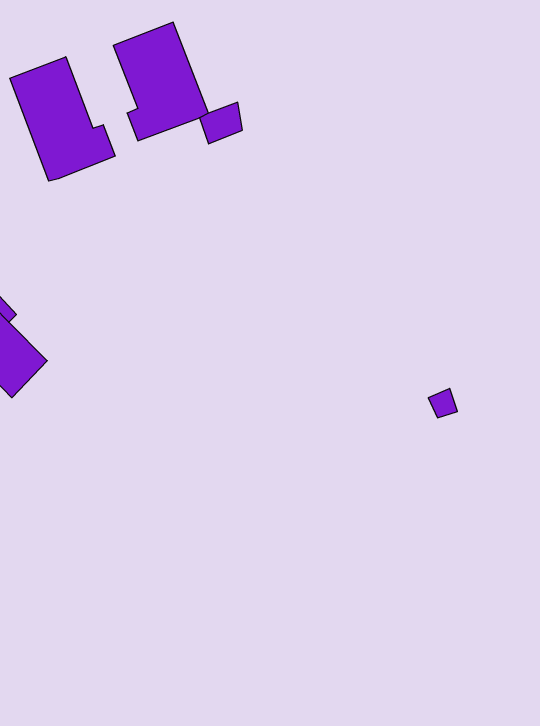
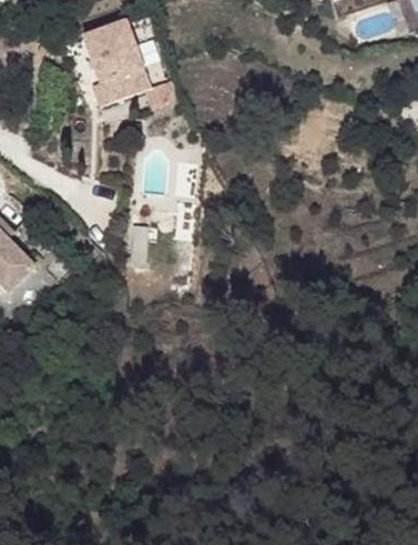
building: [10,57,115,181] -> none

